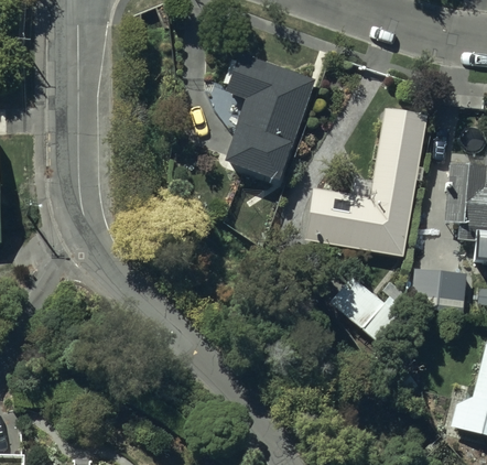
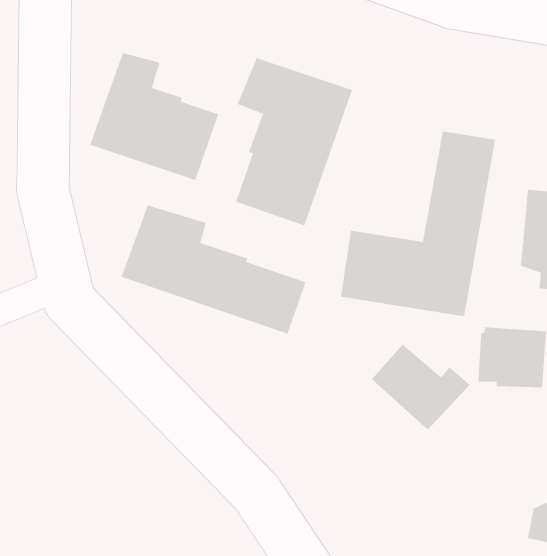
building: none -> [89,51,219,181]
building: none -> [121,204,306,335]

